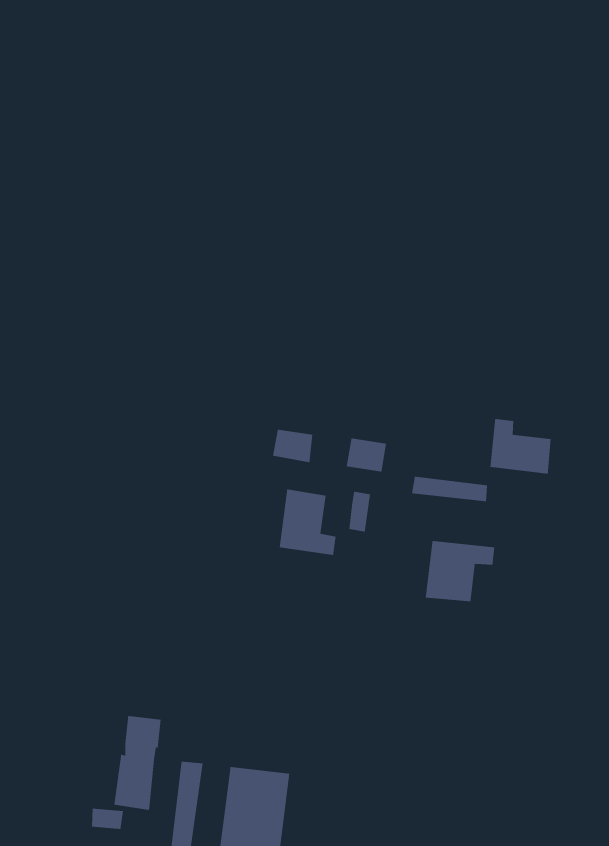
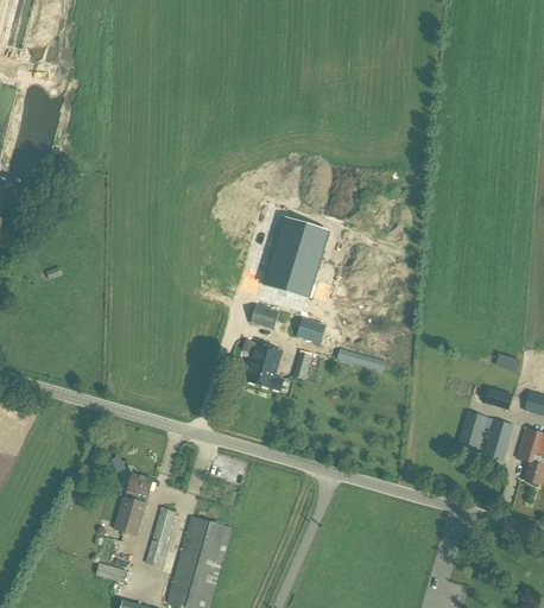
building: none -> [265,216,328,296]
building: [490,418,551,475] -> none
building: [425,540,495,602] -> none

